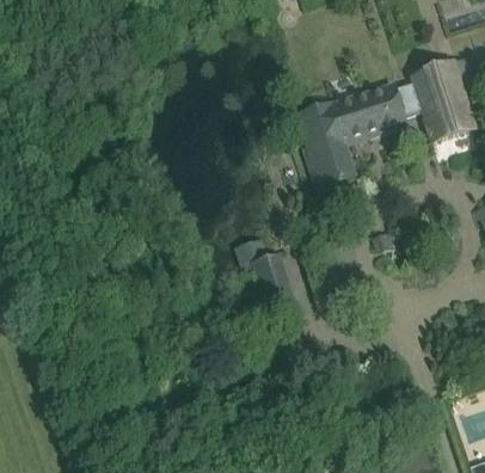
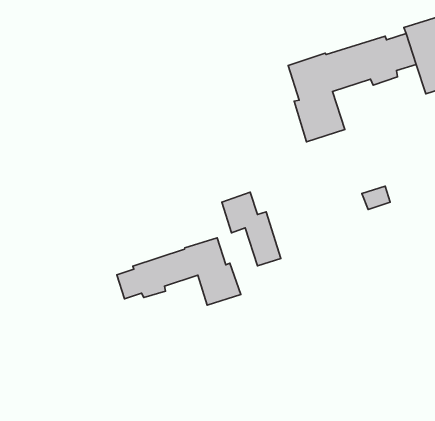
building: none -> [117,238,241,305]

